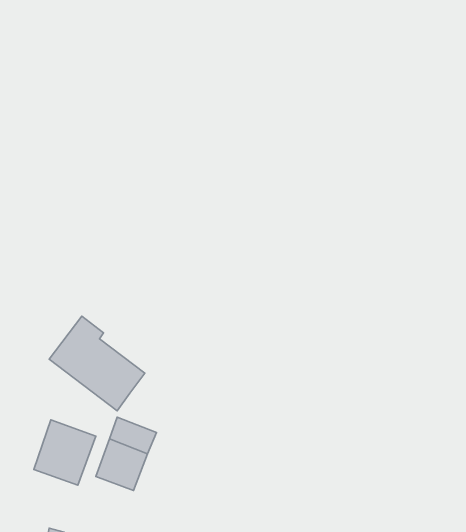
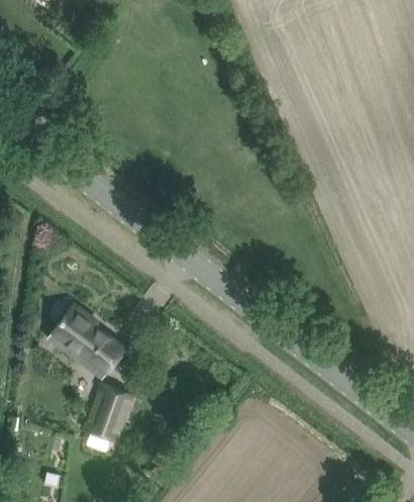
building: [34,420,96,485] -> none

